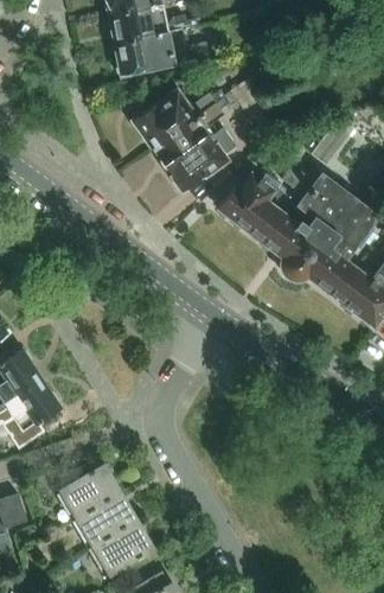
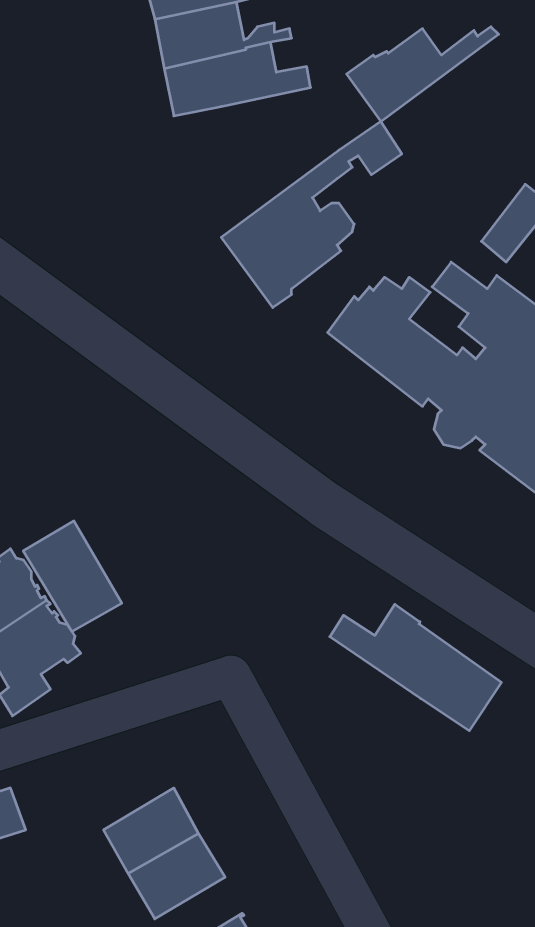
building: [129,90,224,149] -> [347,27,499,122]
building: none -> [23,521,122,631]
building: none -> [330,604,501,731]
building: [60,465,121,519] -> none

